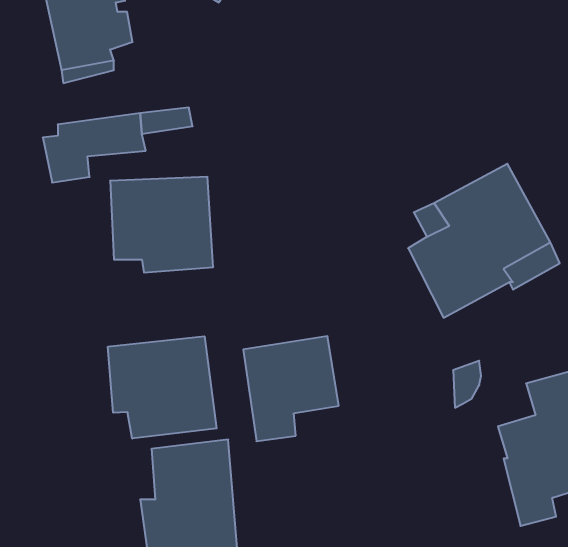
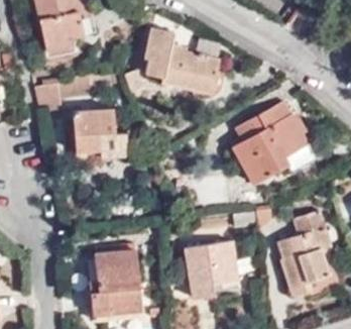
building: none -> [144,28,217,93]
building: [108,336,217,439] -> none
building: [243,336,339,441] -> [186,242,237,299]

